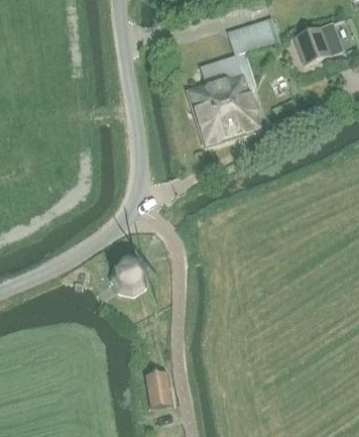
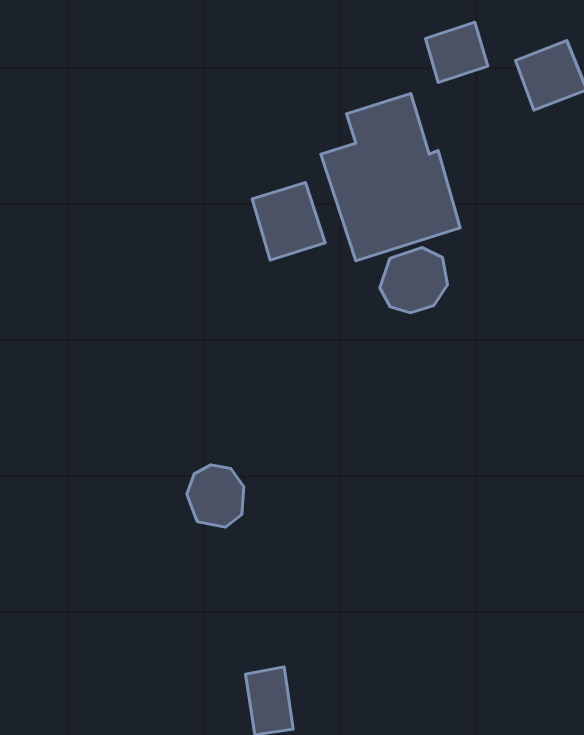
building: none -> [252,183,325,260]
building: none -> [380,247,447,313]

